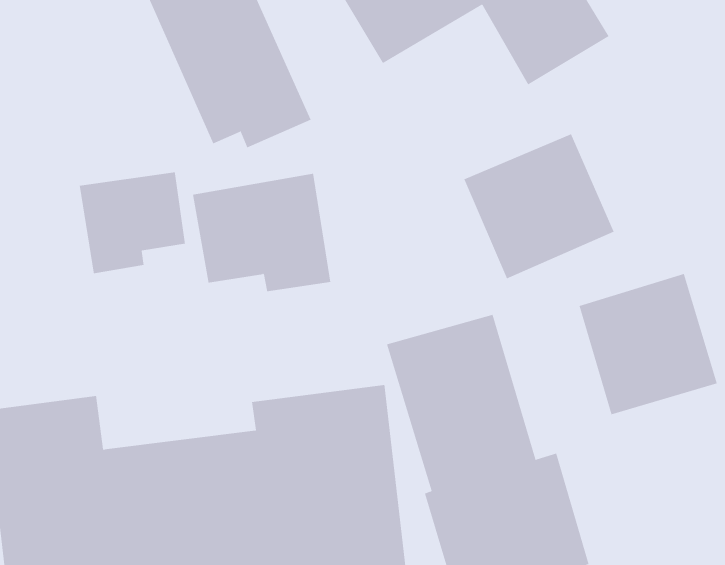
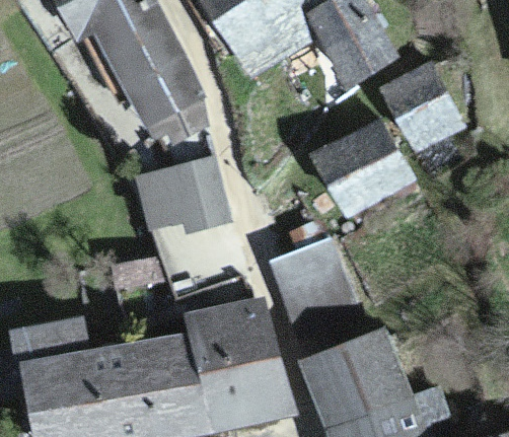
building: none -> [383,65,467,156]
building: [79,171,186,274] -> none
building: [579,273,717,415] -> none

